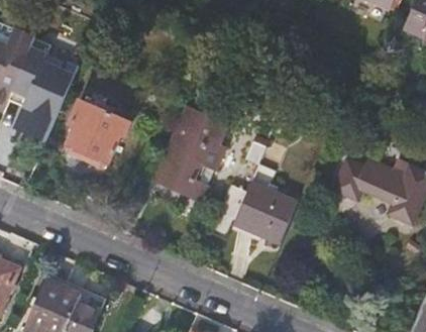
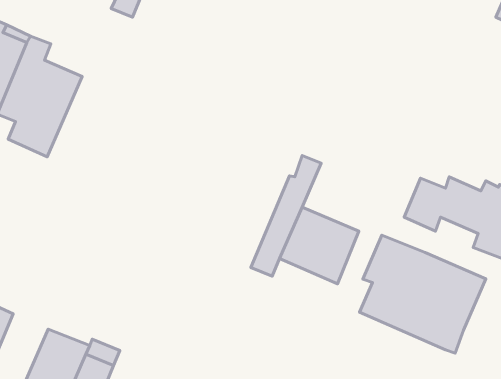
building: [67,102,129,167] -> none
building: [155,106,229,203] -> none
building: none -> [360,235,486,353]

